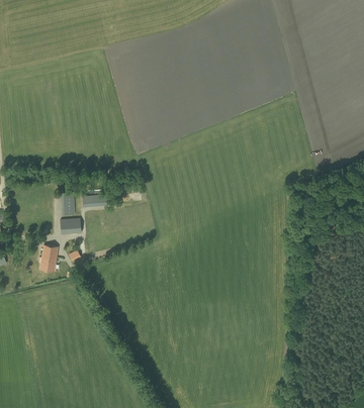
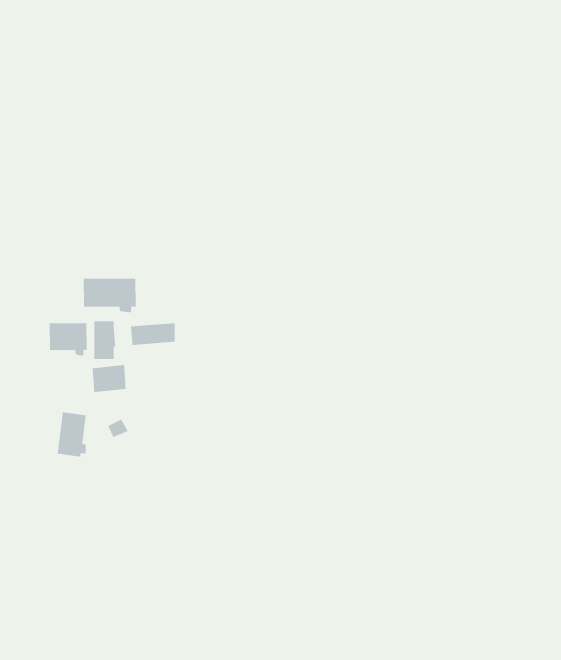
building: none -> [83,278,136,313]
building: none -> [49,323,87,356]

